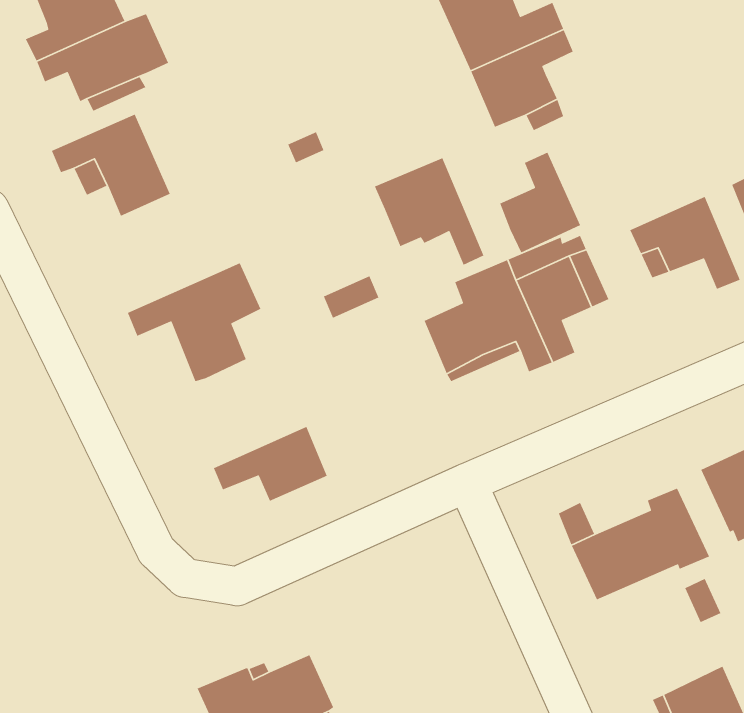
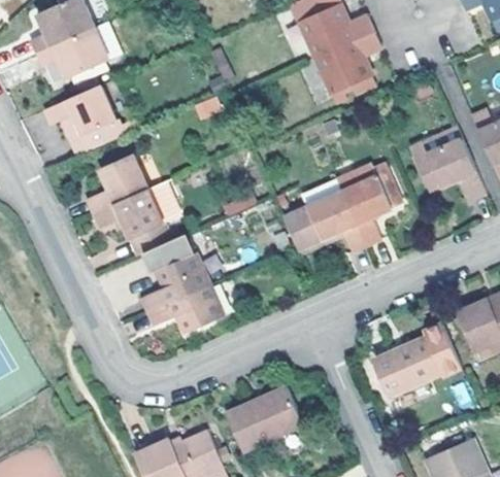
building: [499,151,581,253] -> none
building: [374,157,485,266] -> none
building: none -> [88,154,147,212]
building: none -> [142,235,208,311]
building: none -> [228,385,304,450]

